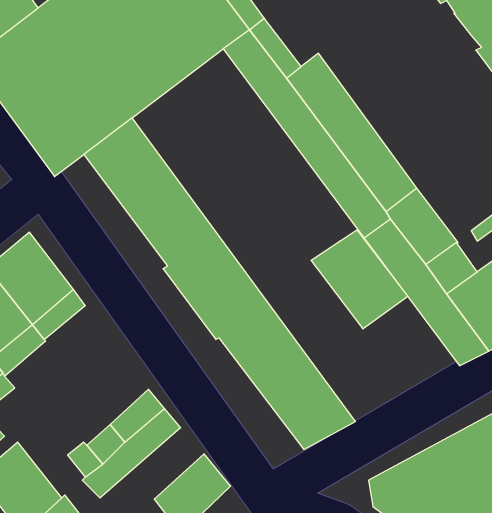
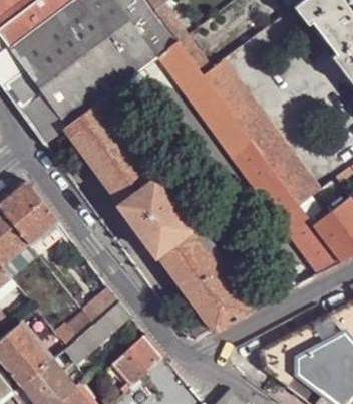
building: [311,230,408,329] -> none

